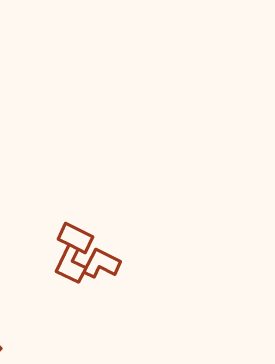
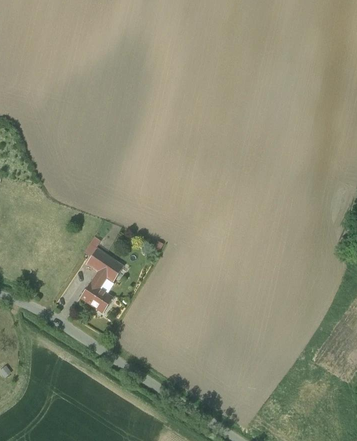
building: [84,249,120,277] -> none

